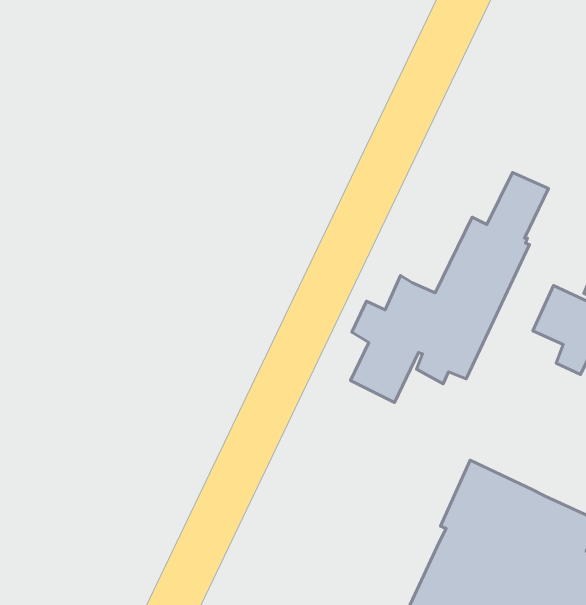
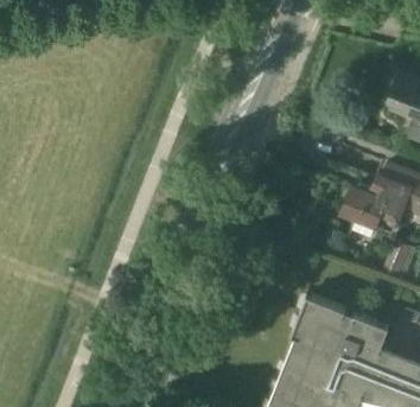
building: [350,173,549,402] -> none

